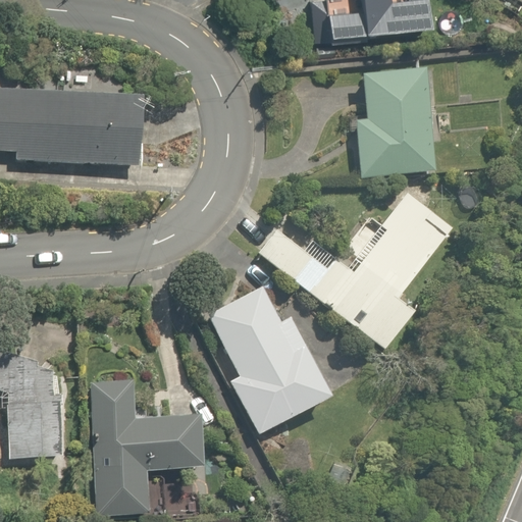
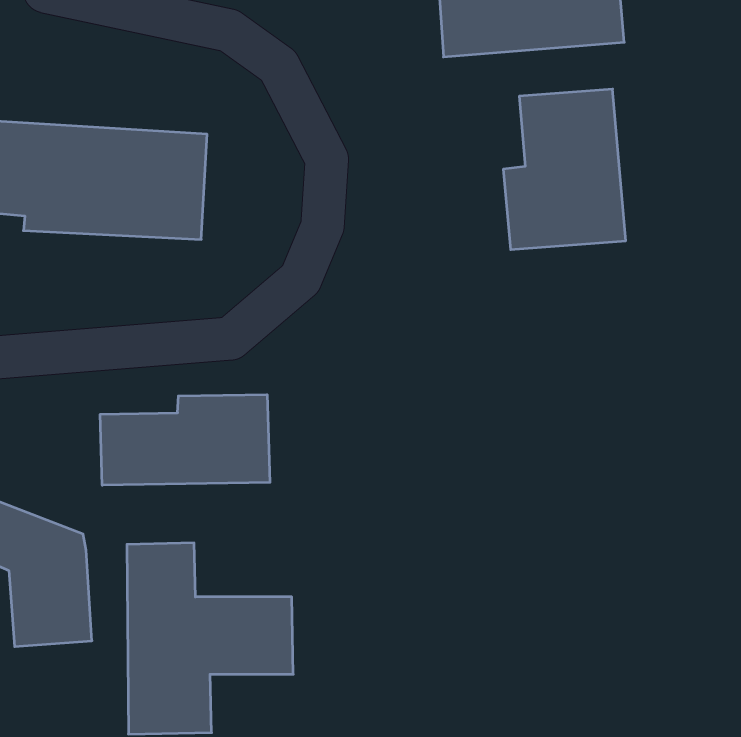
building: [295,197,456,353] -> none
building: none -> [100,395,270,485]
building: [193,285,351,437] -> none

